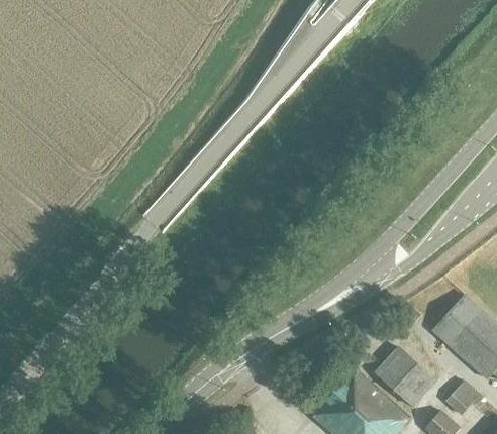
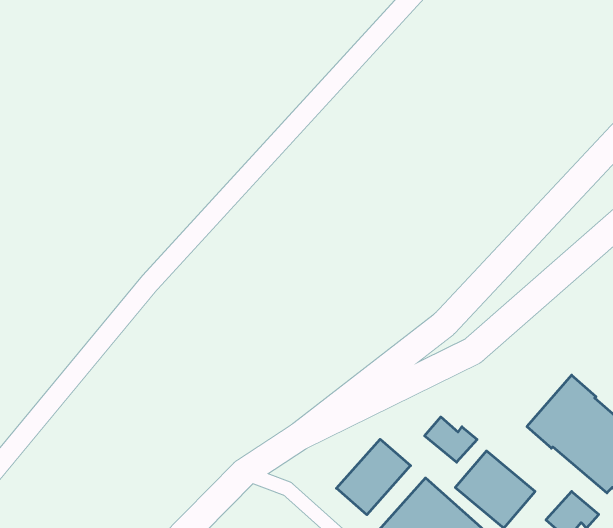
building: none -> [425,417,477,462]
building: none -> [336,439,411,515]

